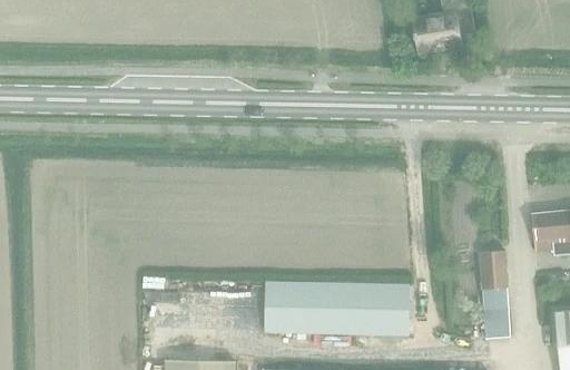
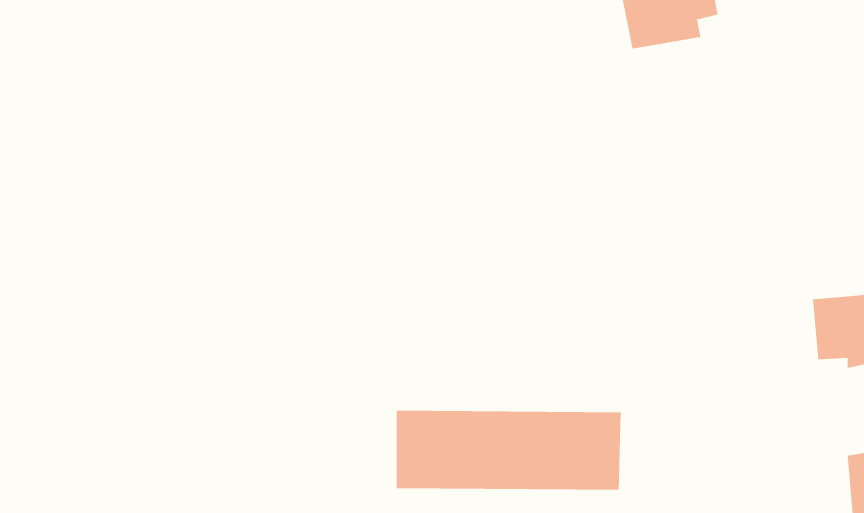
building: [479,252,509,338] -> none

